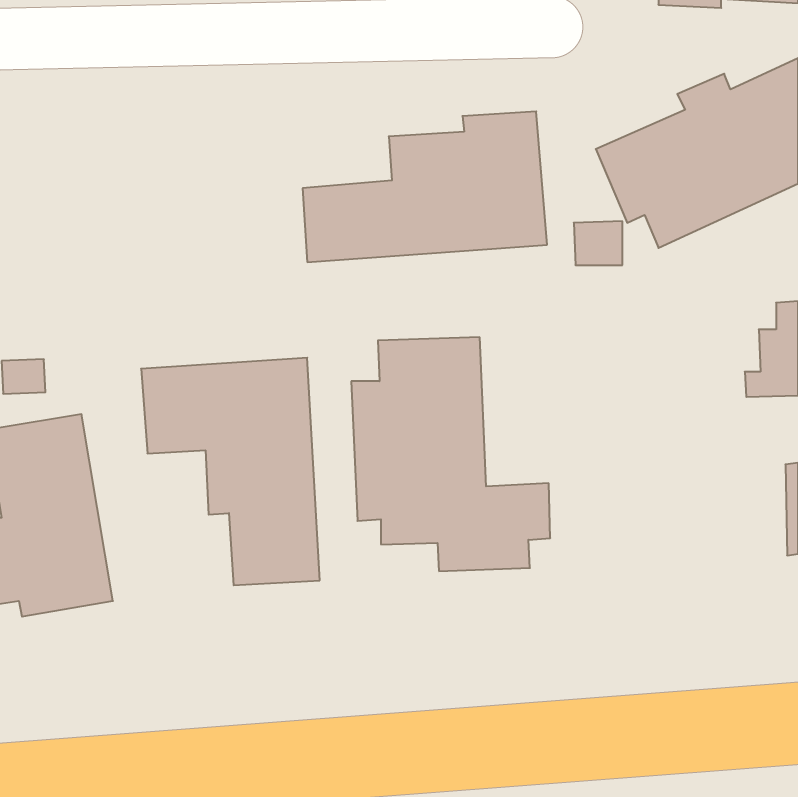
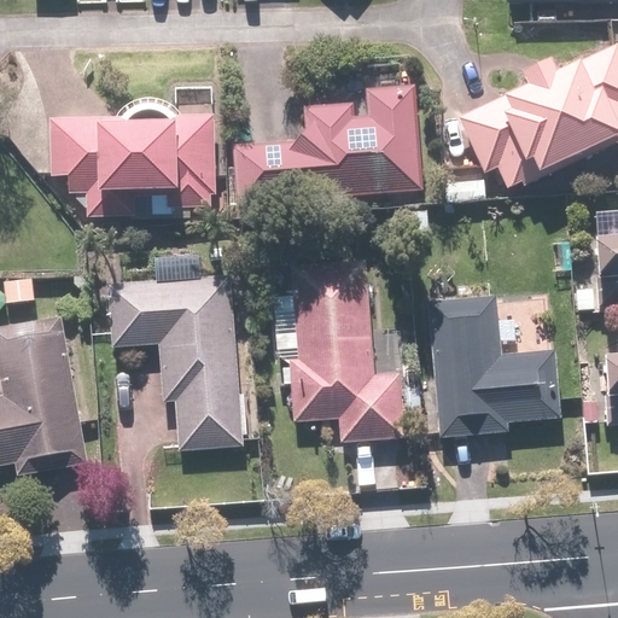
building: none -> [45,83,218,225]
building: none -> [427,297,560,438]

